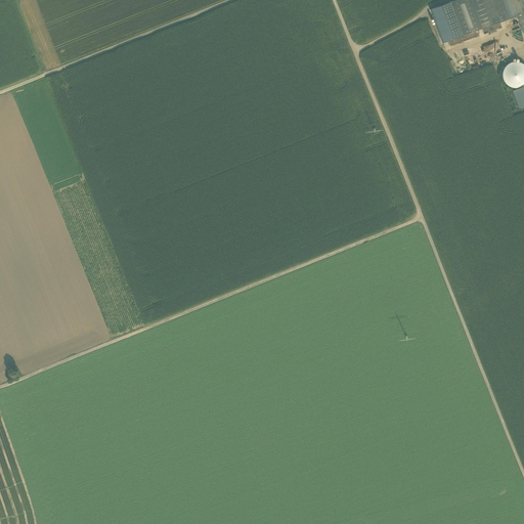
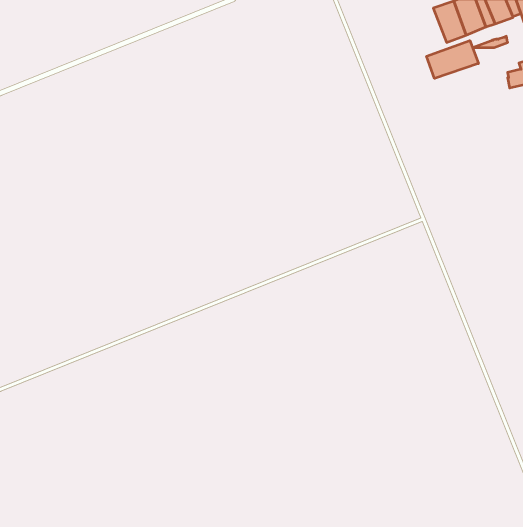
building: none -> [427,41,478,78]

